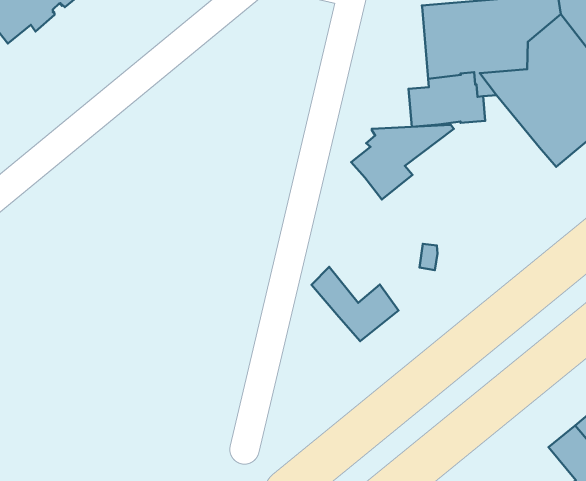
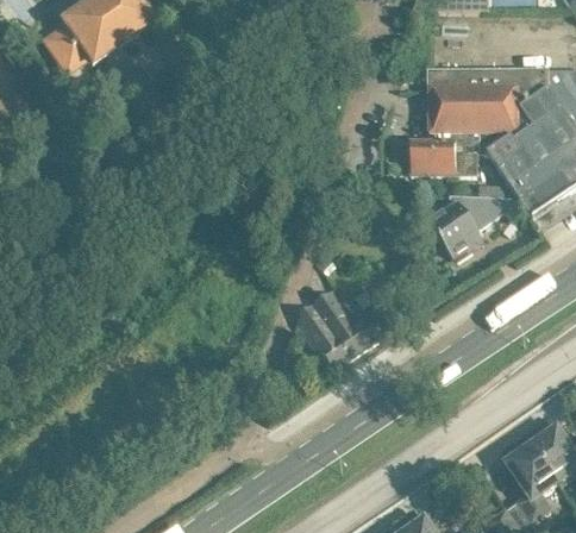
building: [351,125,454,199] -> [427,194,519,256]
building: none -> [294,302,349,365]

